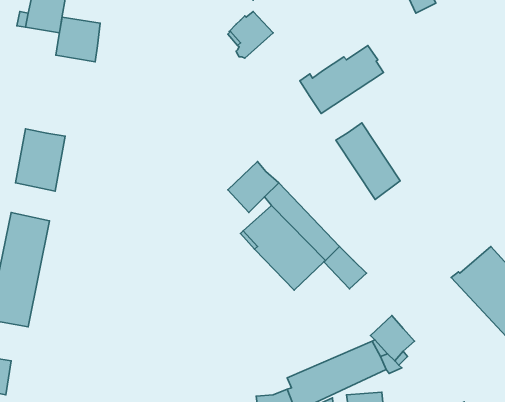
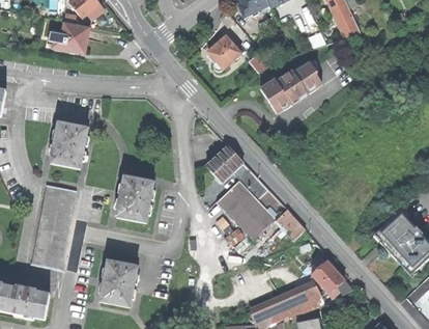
building: [56,17,100,62] -> none
building: [336,123,400,199] -> none
building: none -> [117,177,154,223]
building: none -> [99,262,137,307]

